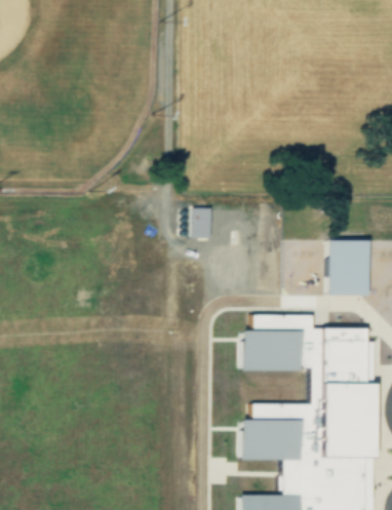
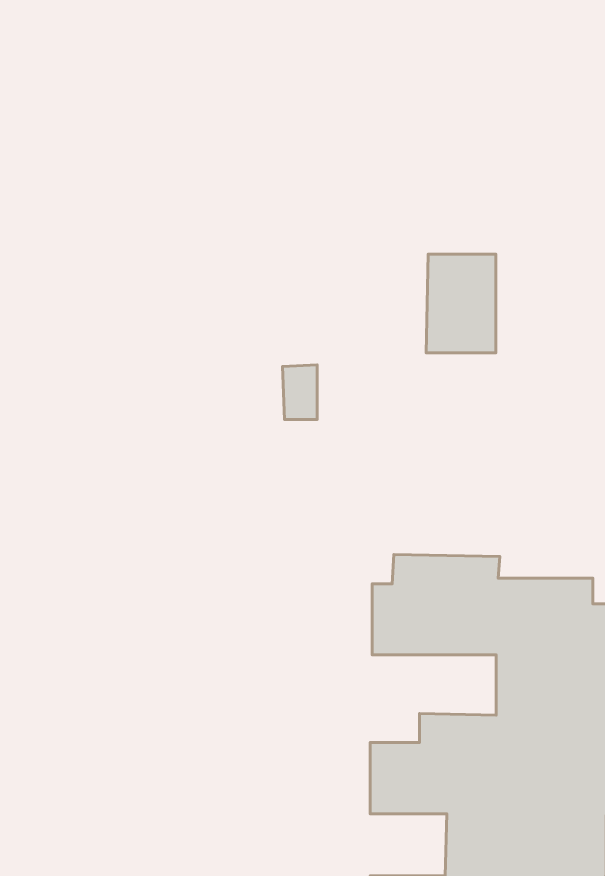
building: [330,240,369,296] -> [426,254,496,353]

